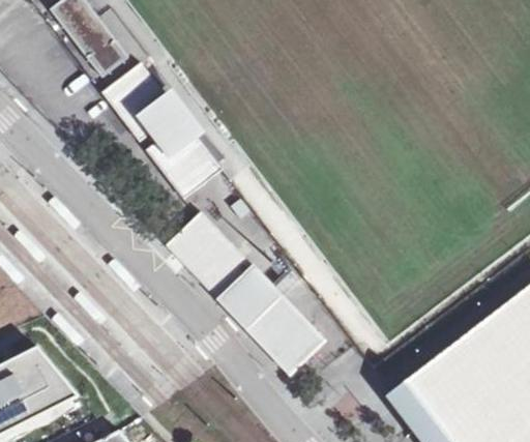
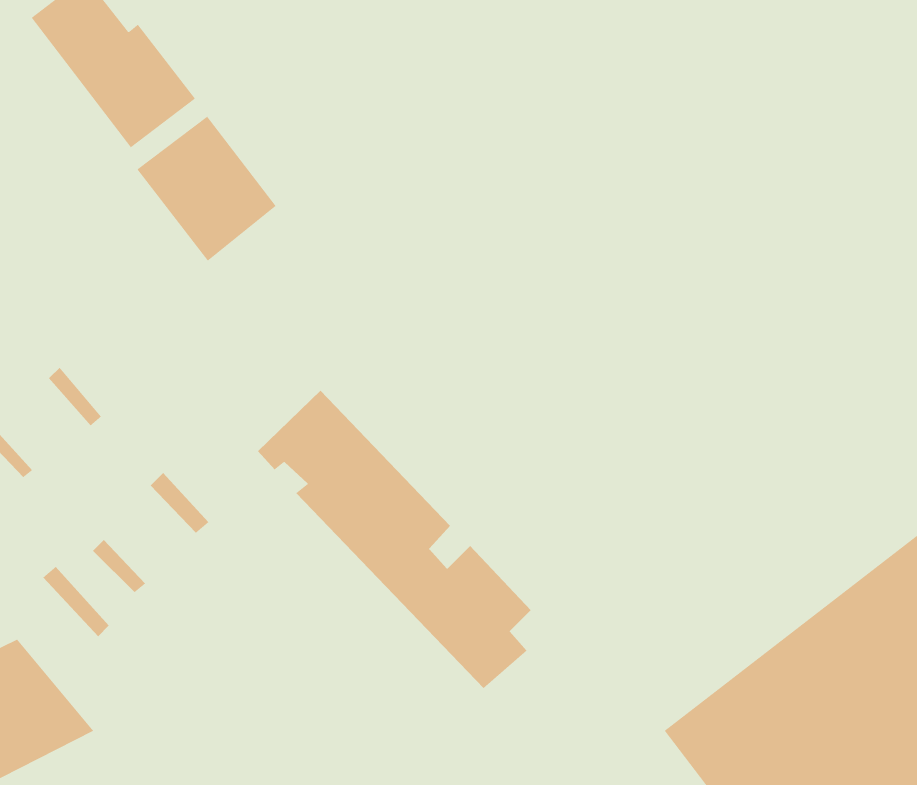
building: [147,122,222,200] -> none

